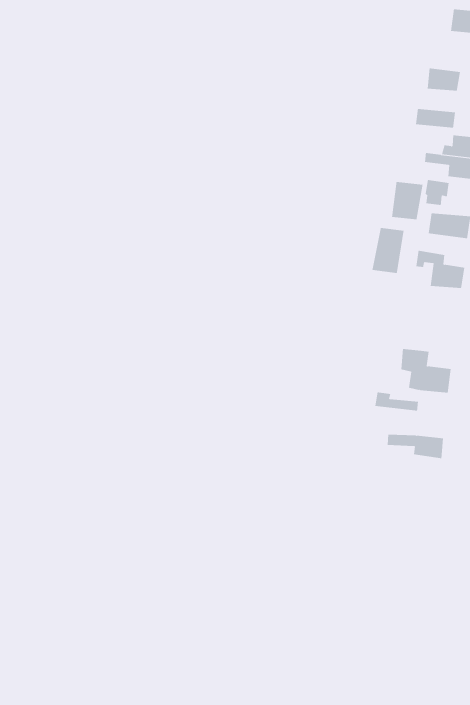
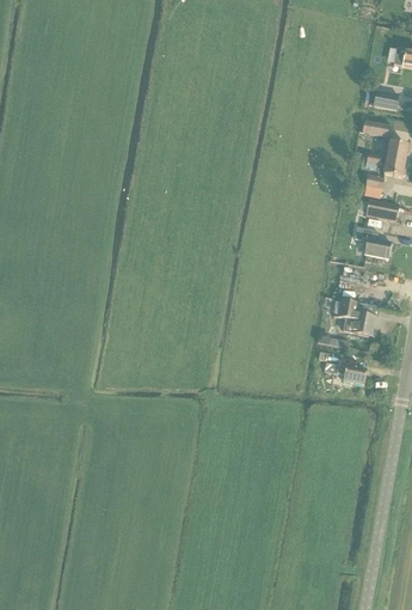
building: [392,181,423,220] -> none
building: [372,227,404,274] -> none

